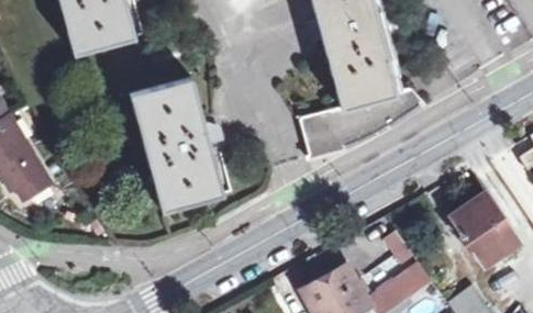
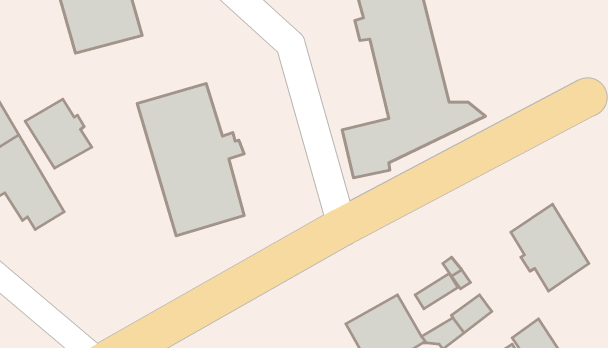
building: none -> [25,99,92,168]

